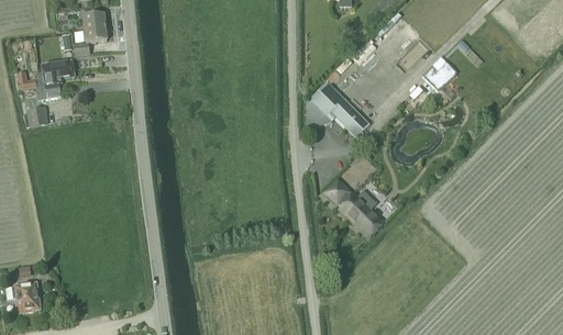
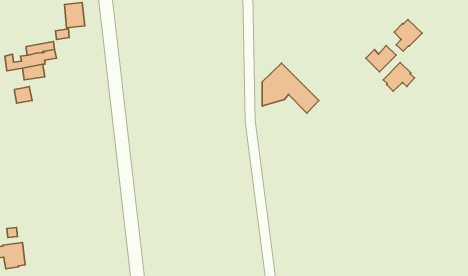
building: none -> [394,19,422,51]
building: none -> [383,62,415,91]
building: [327,179,384,234] -> none

